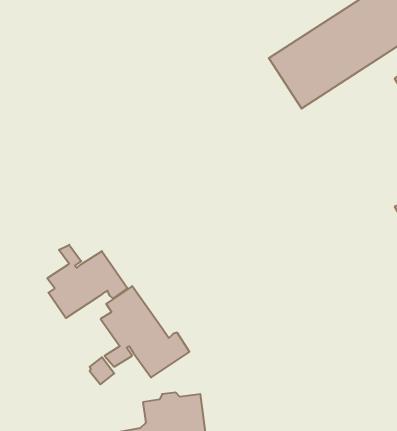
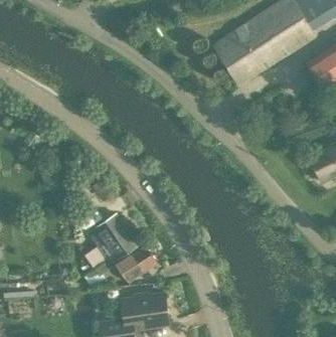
building: [47,245,127,318] -> none

